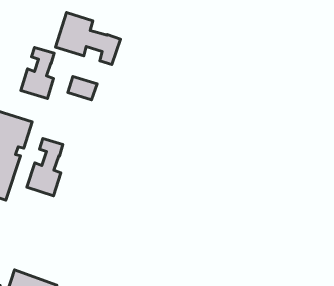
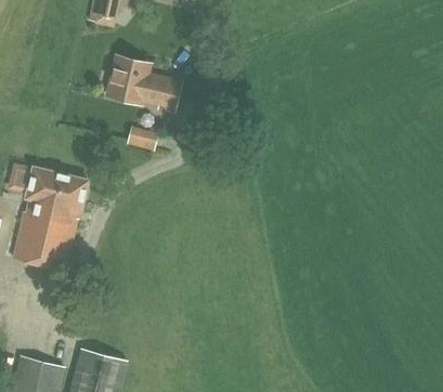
building: [21,47,54,99] -> none
building: [27,138,63,196] -> none

